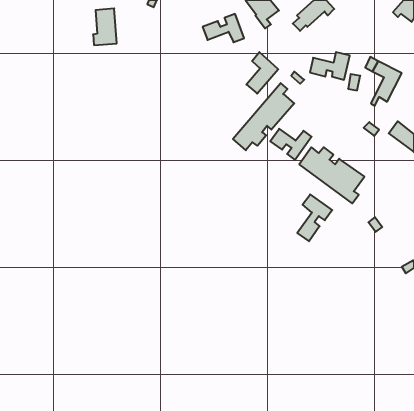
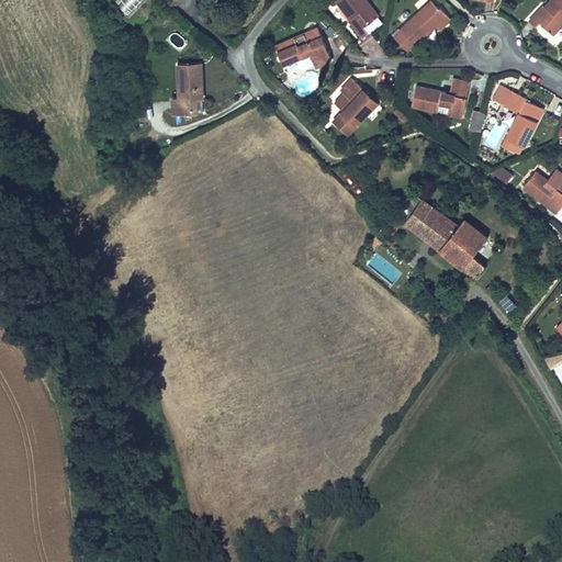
building: [93,8,117,45] -> [170,69,202,119]
building: [233,83,294,150] -> none
building: [270,129,312,160] -> none
building: [297,194,332,241] -> none

